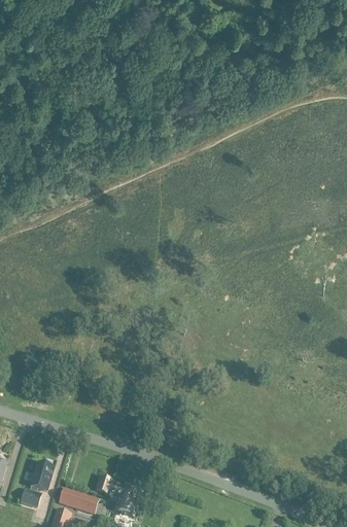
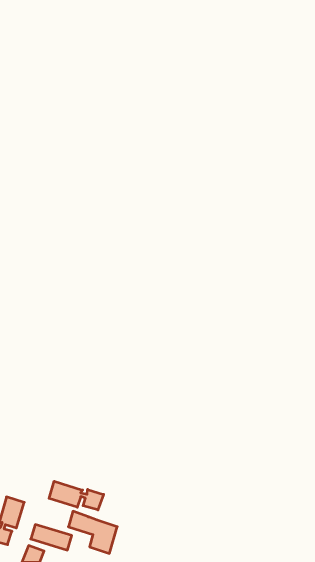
building: none -> [49,481,104,510]

